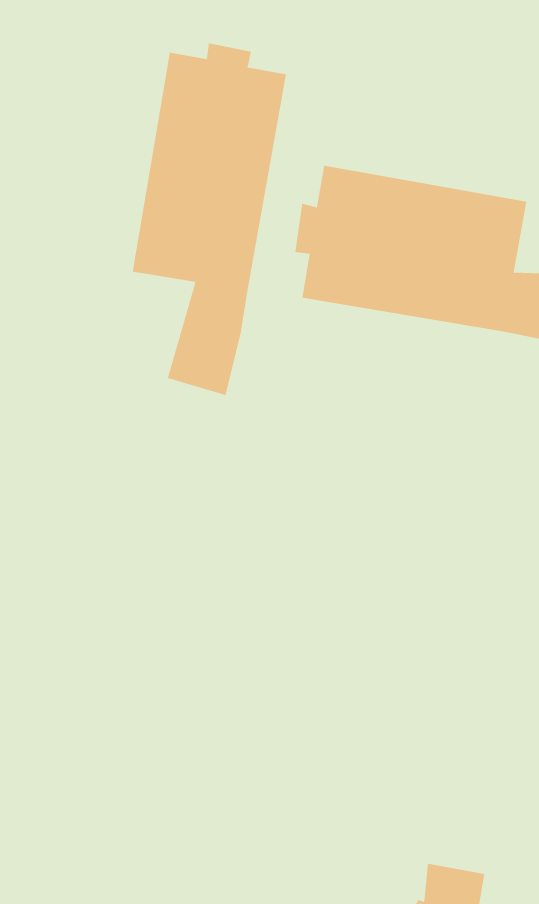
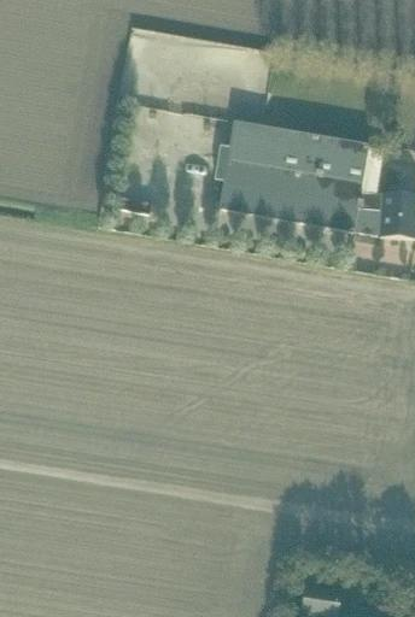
building: [132,42,286,396] -> none

